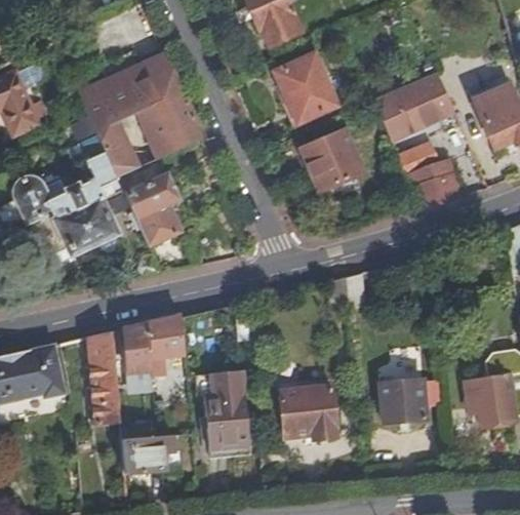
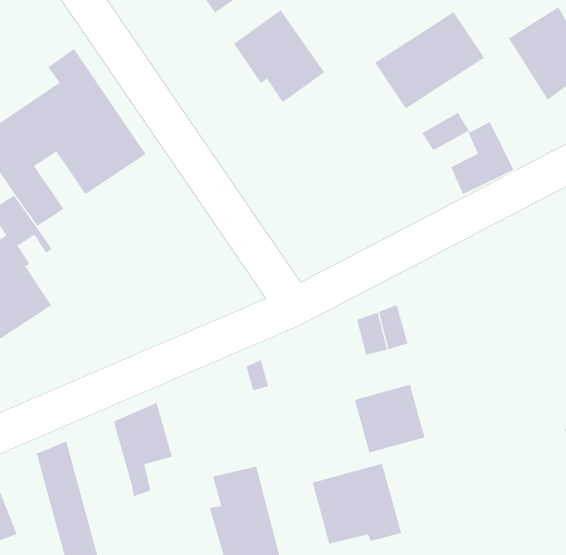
building: [302,129,365,191] -> none
building: [124,175,177,244] -> none
building: [125,322,151,371] -> none
building: [378,379,425,423] -> [354,384,426,454]

